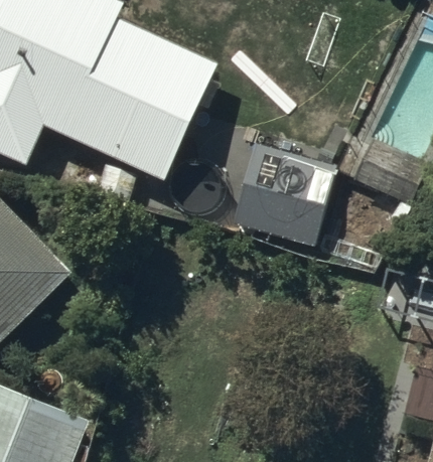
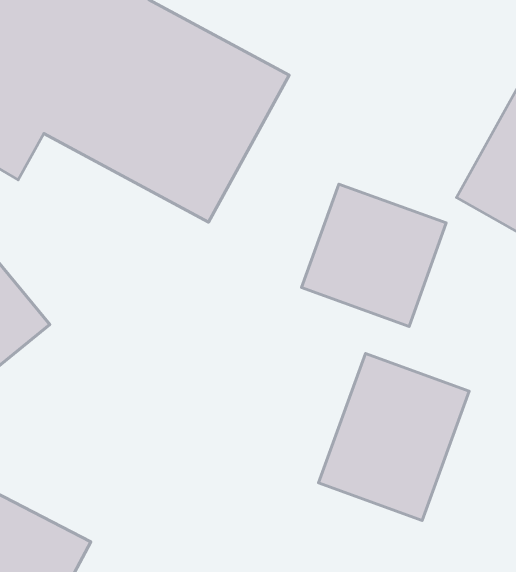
building: none -> [318,354,469,520]

